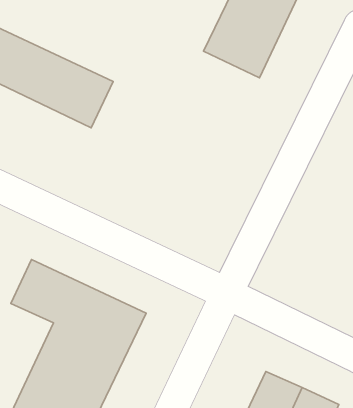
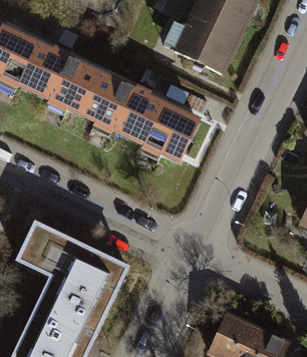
building: none -> [83,74,198,157]

